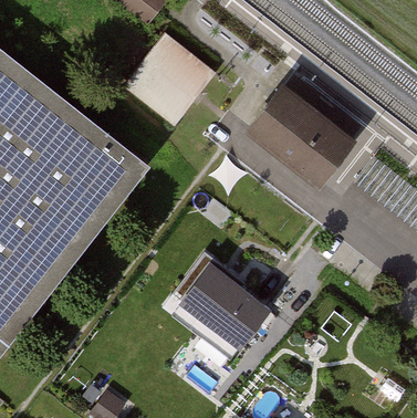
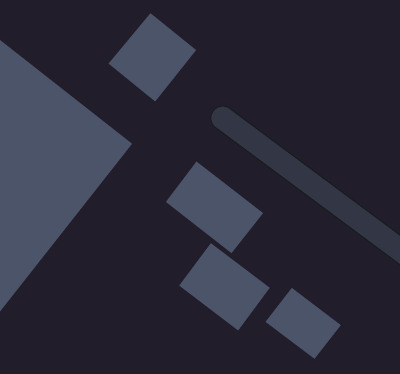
building: [251,87,350,180] -> [165,161,264,254]
building: none -> [265,287,342,360]

